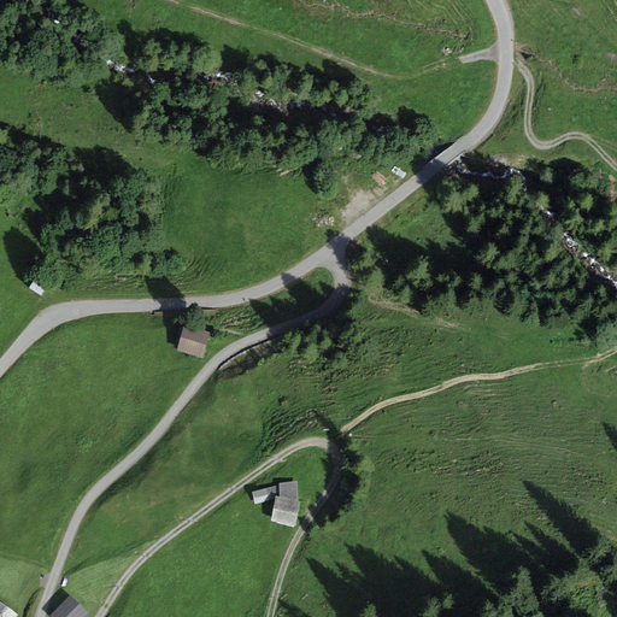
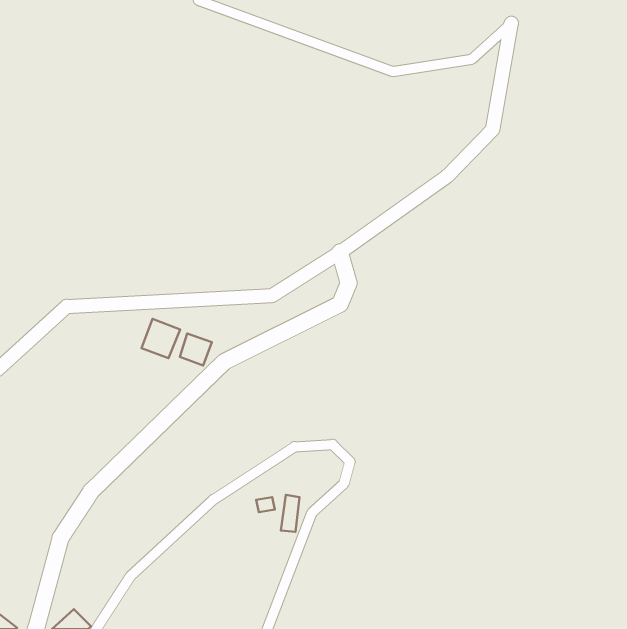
building: none -> [142,319,180,358]

